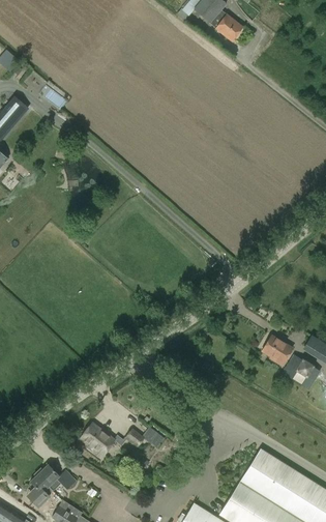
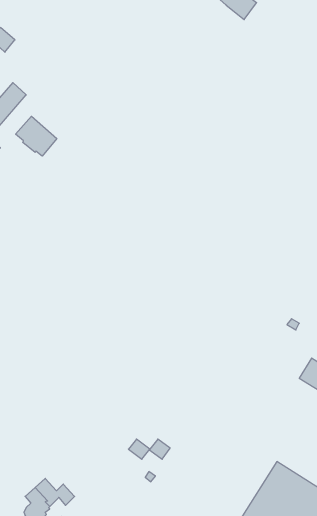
building: none -> [16,116,57,156]
building: [261,336,292,366] -> none
building: [80,424,115,457] -> none

